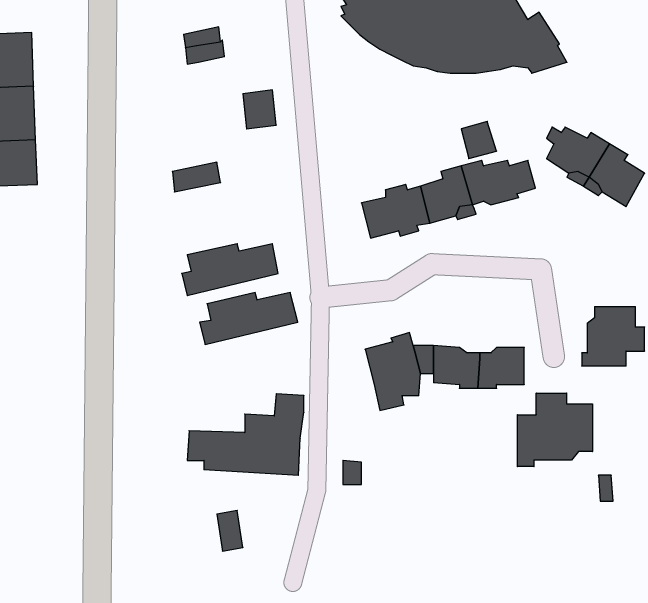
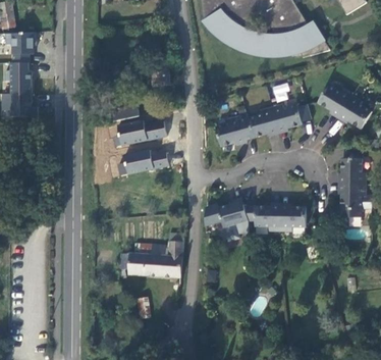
building: none -> [340,148,366,184]
building: [200,293,298,344] -> [113,119,167,148]
building: [517,393,592,467] -> none

